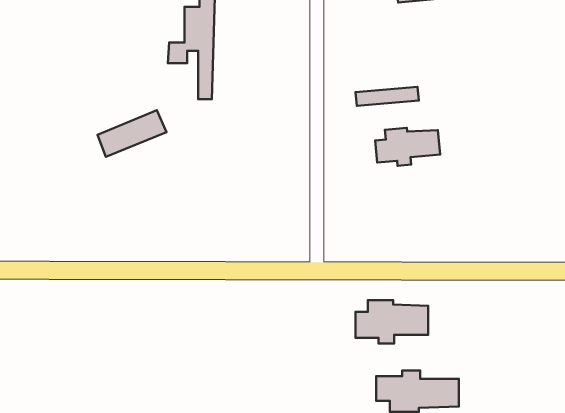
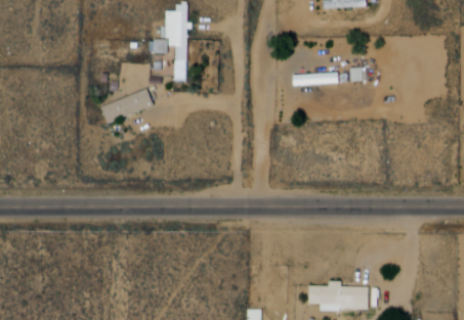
building: [375,128,440,166] -> none
building: [356,300,428,344] -> none

